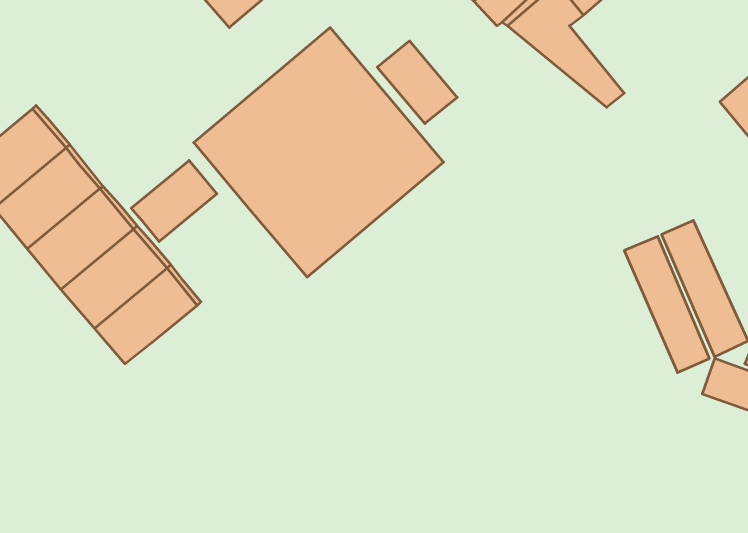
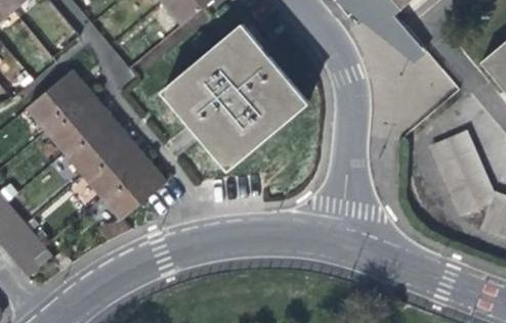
building: [377,41,457,124] -> none
building: [131,160,217,242] -> none

